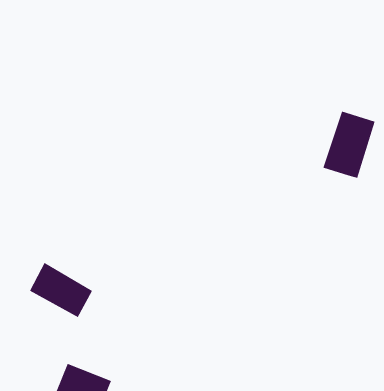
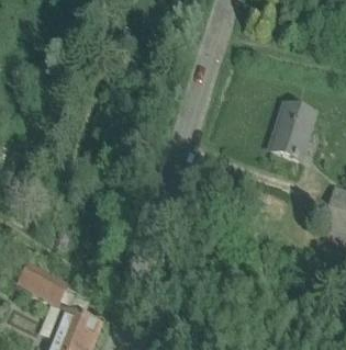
building: [29,262,93,318] -> [18,260,69,305]

